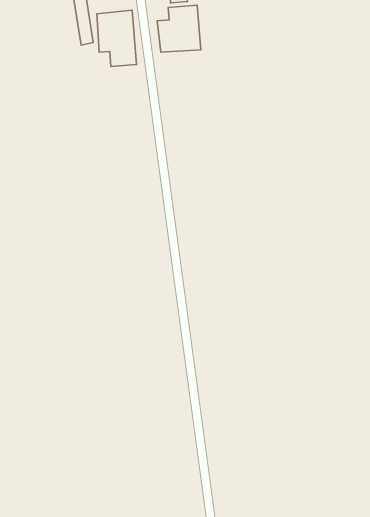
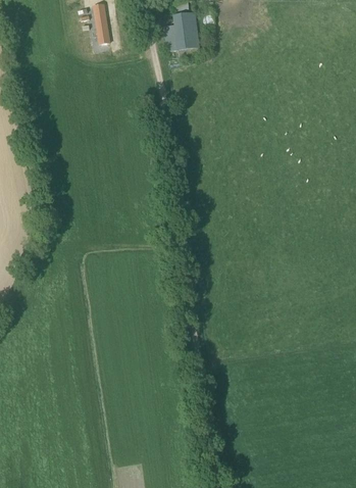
building: [97,10,137,66] -> none

